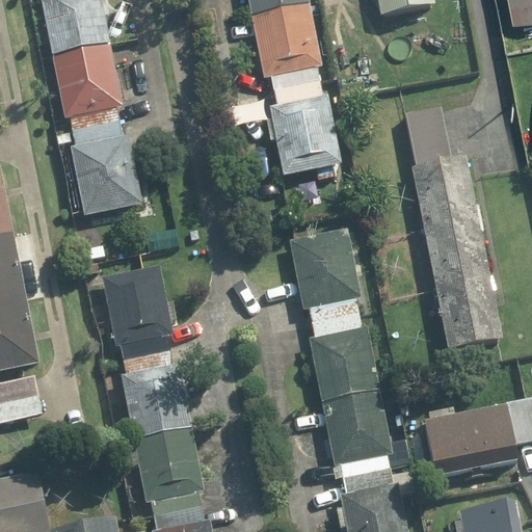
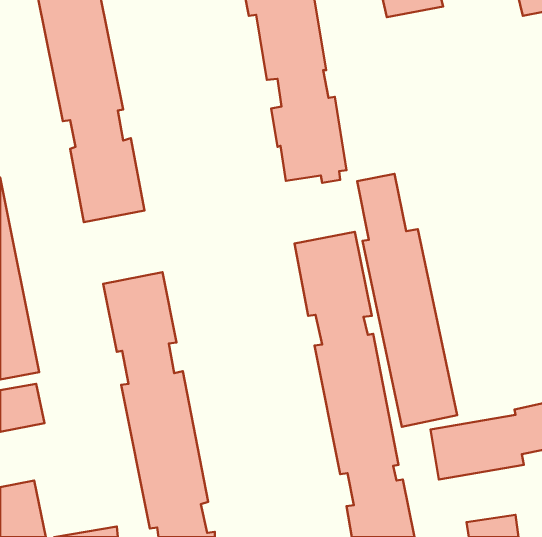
building: [405,105,503,352] -> [357,174,457,427]

